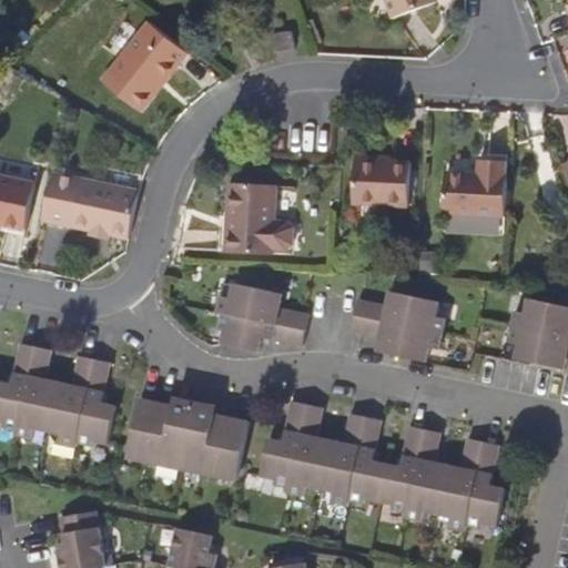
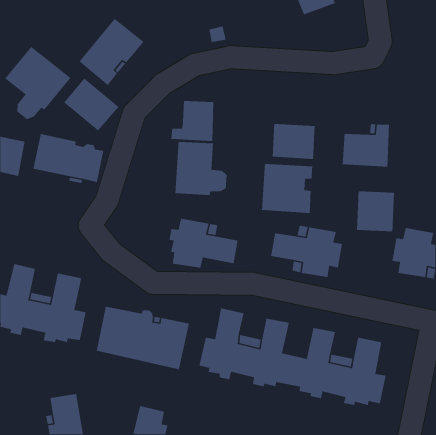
building: none -> [4,46,72,120]
building: none -> [63,78,119,132]
building: none -> [170,100,214,142]
building: none -> [261,163,313,214]
building: none -> [356,190,395,232]

